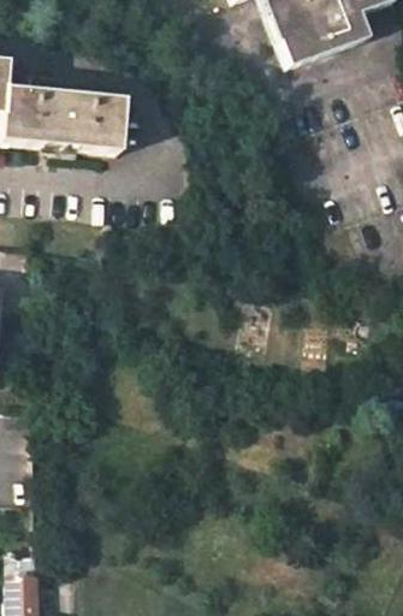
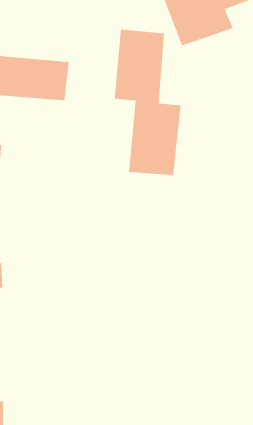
building: none -> [114,29,181,176]

